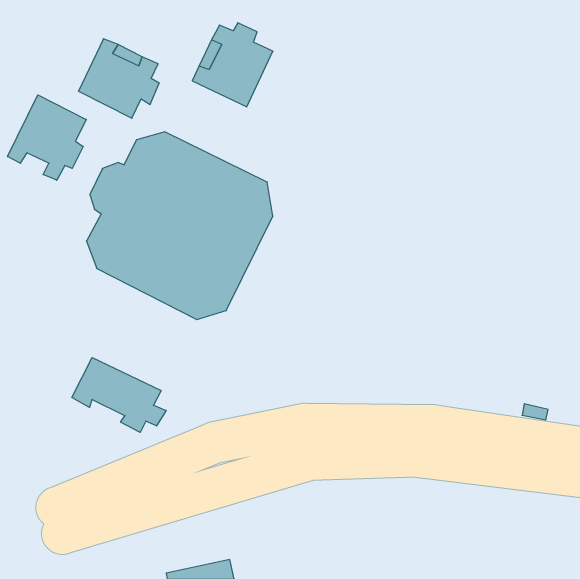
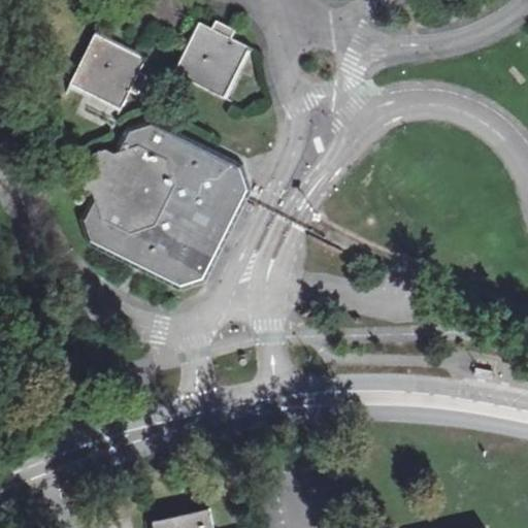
building: [8,95,86,180] -> none
building: [72,358,166,432] -> none

